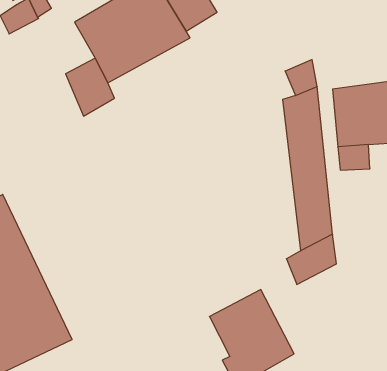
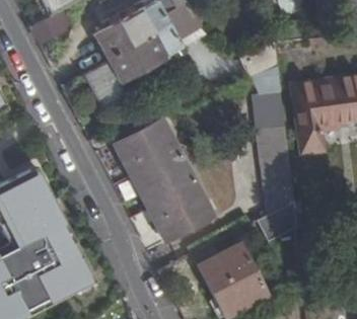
building: none -> [117,115,217,238]

